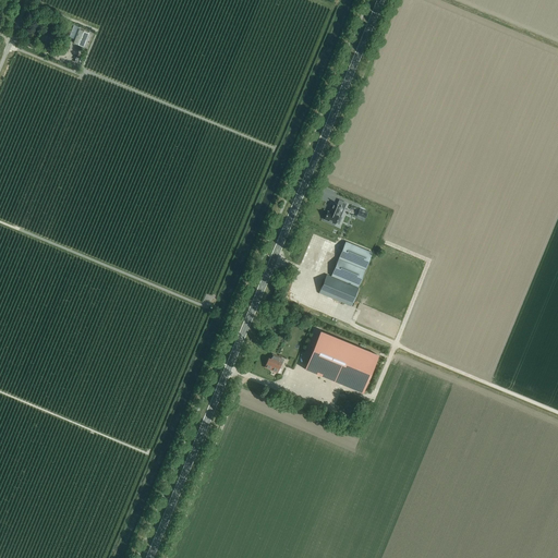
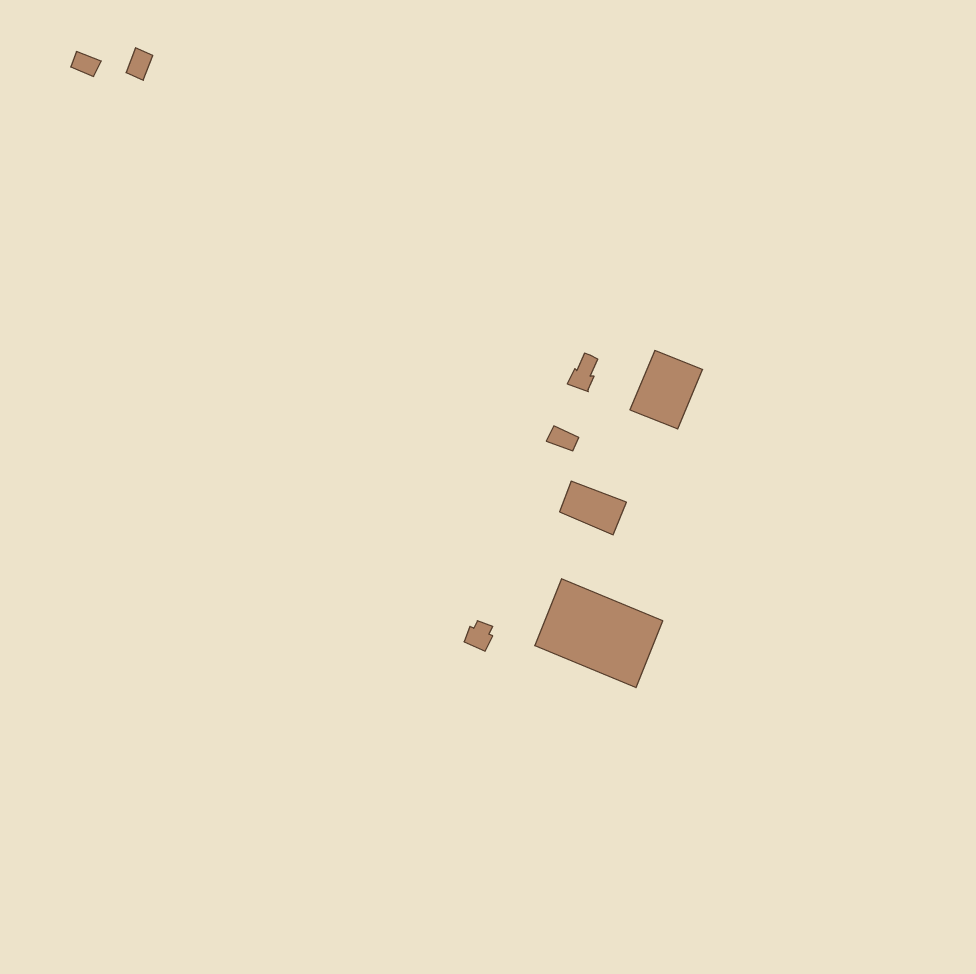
building: [331,241,373,286] -> [630,351,703,429]

